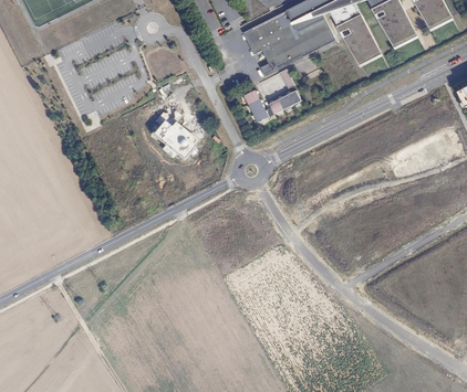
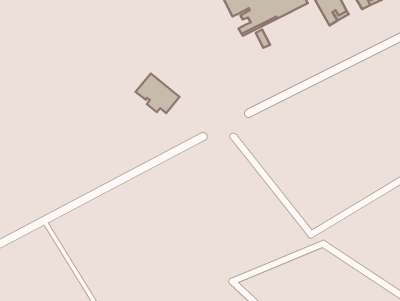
building: [245,88,300,121] -> none

